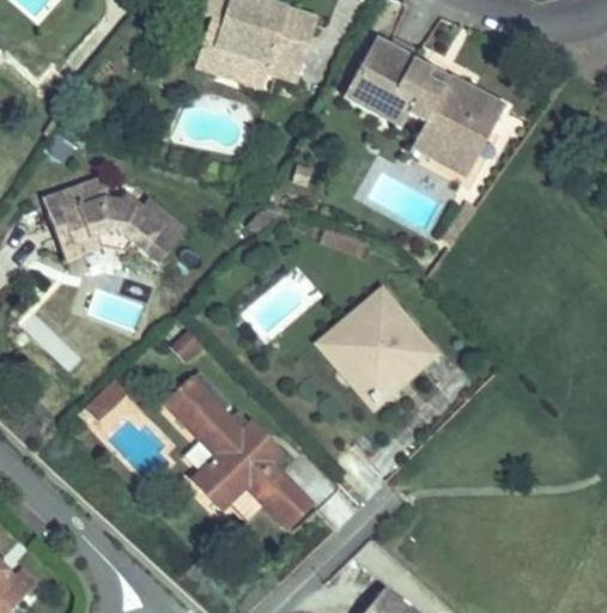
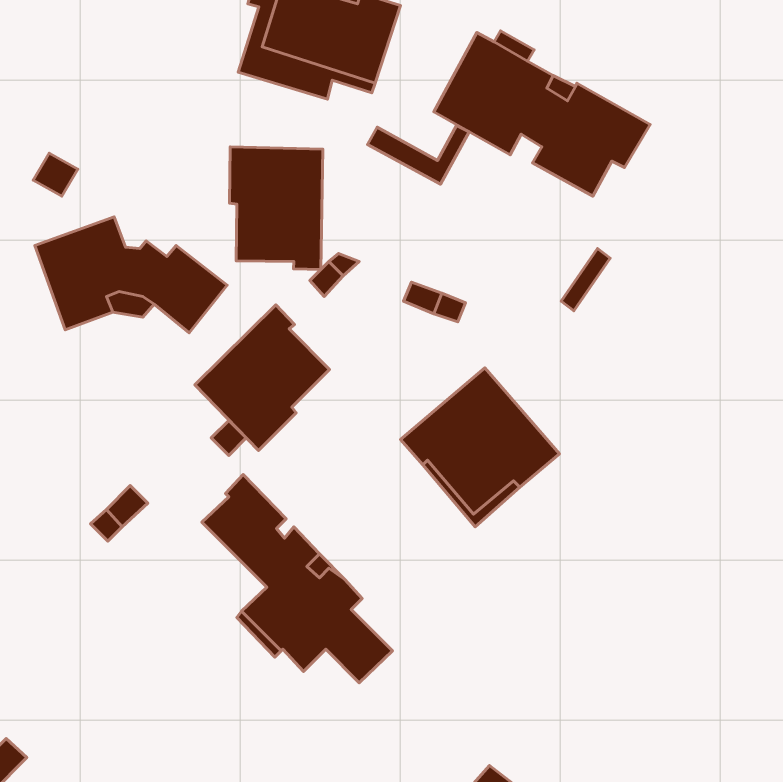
building: none -> [230,147,323,269]
building: [409,133,486,177] -> [367,125,469,184]
building: none -> [195,305,330,450]

